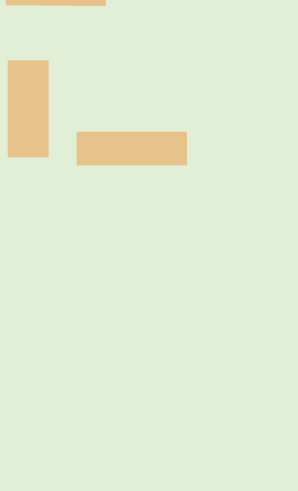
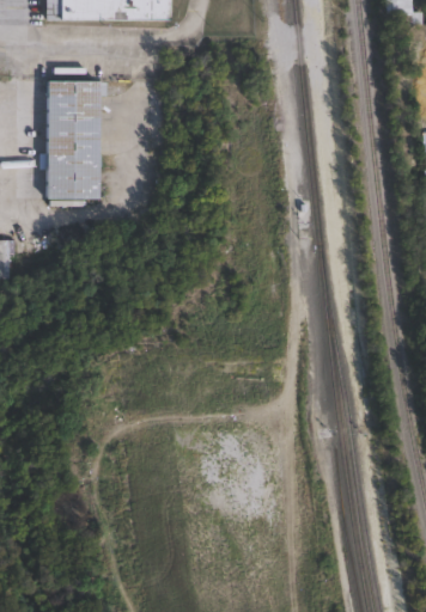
building: [76,131,187,166] -> none

